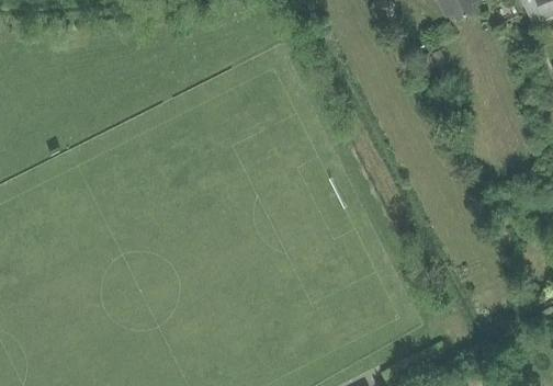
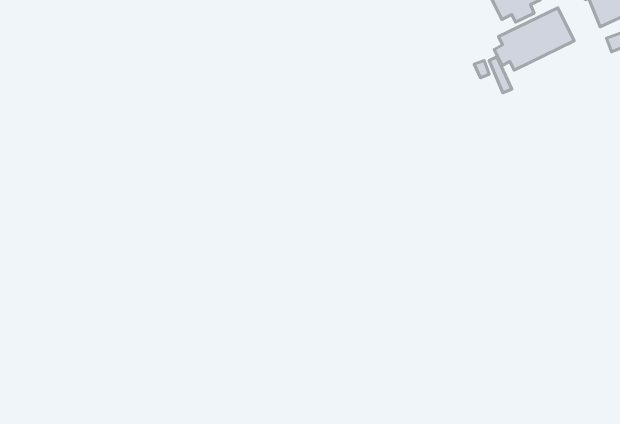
building: none -> [494,8,574,70]

